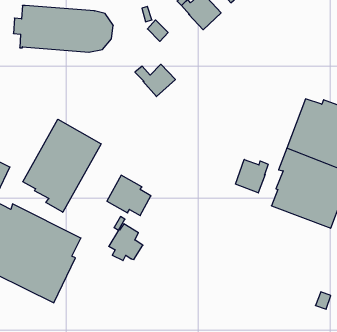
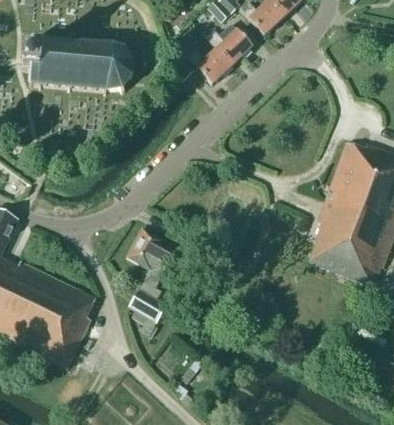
building: [135,64,175,97] -> [188,47,233,83]
building: [23,119,101,212] -> none
building: [235,159,268,193] -> none

